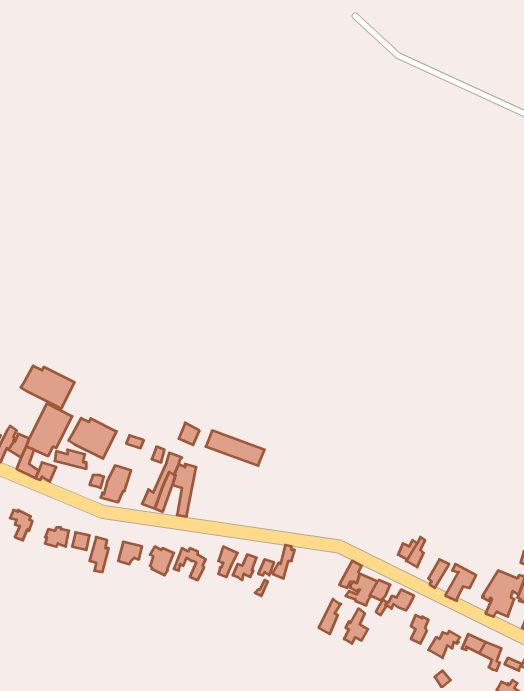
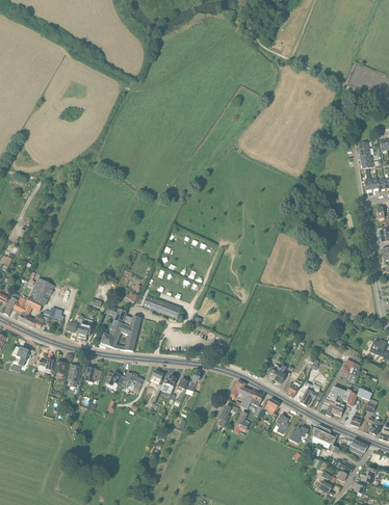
building: [21,366,74,408] -> none
building: [69,418,117,459] -> none

